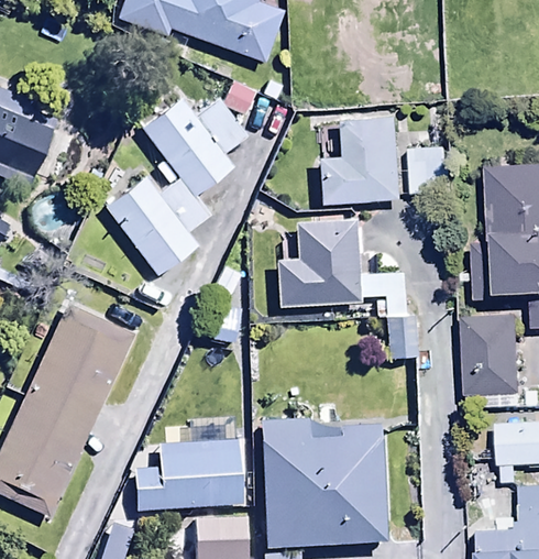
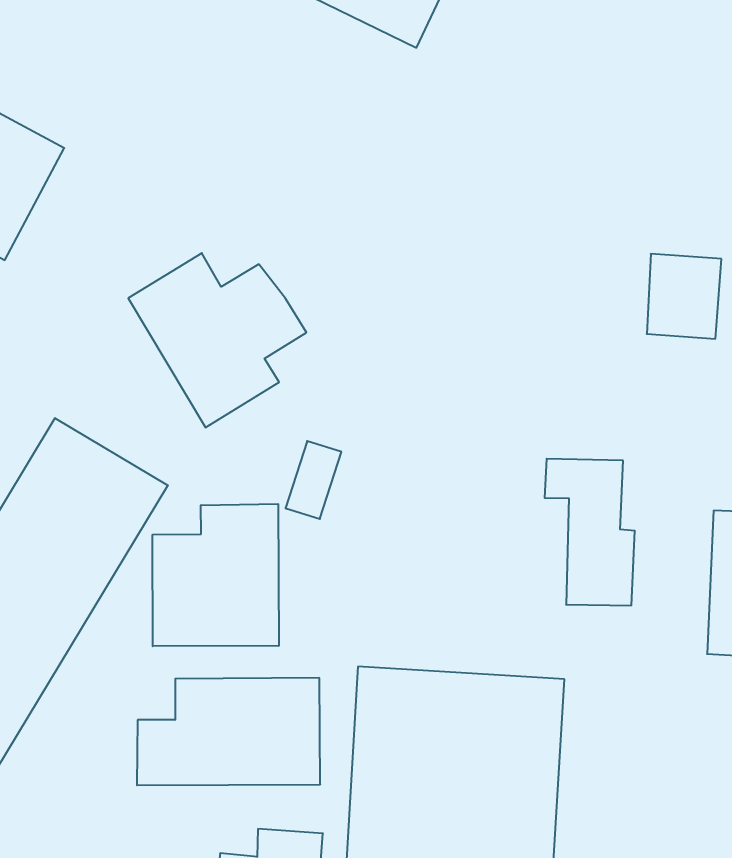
building: [317,107,402,202] -> none
building: [142,111,250,212] -> none
building: [276,217,359,300] -> none
building: none -> [153,504,279,646]

